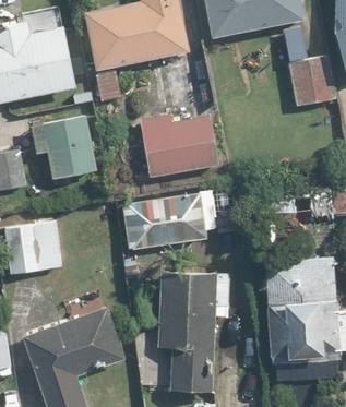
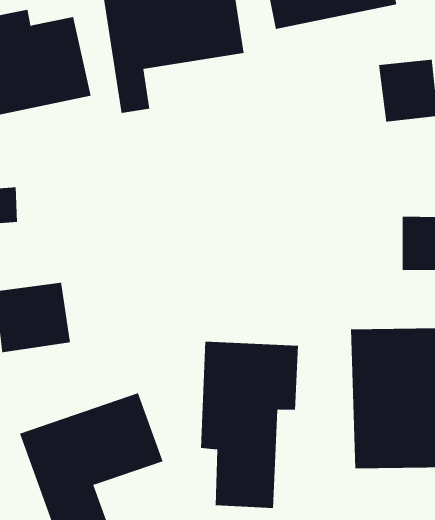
building: [139,113,216,178] -> none
building: [28,117,96,179] -> none
building: [119,190,236,251] -> none

